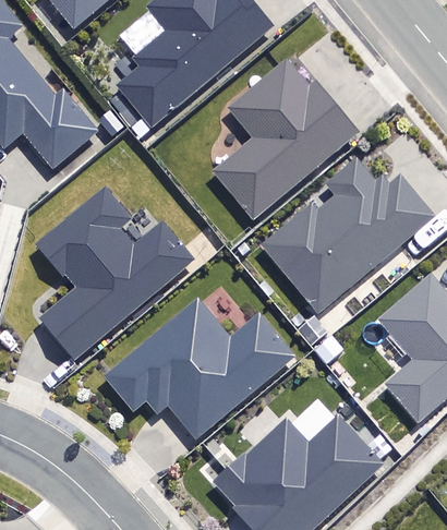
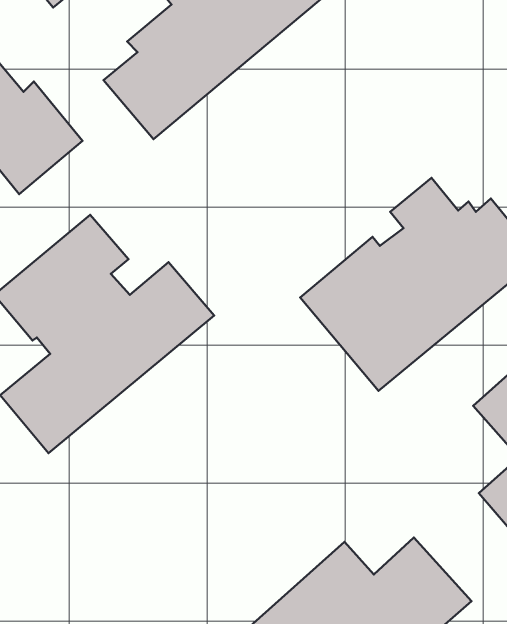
building: [210,57,360,219] -> none
building: [108,303,298,442] -> none

